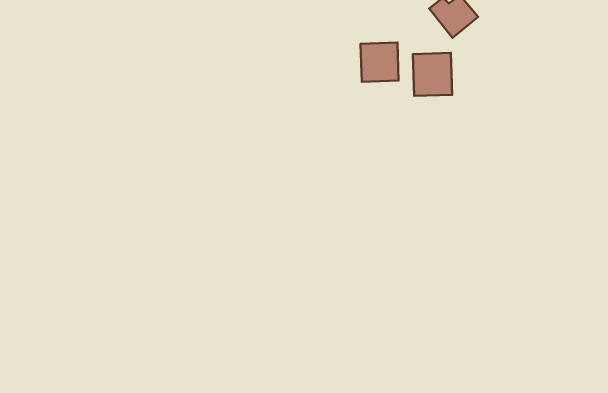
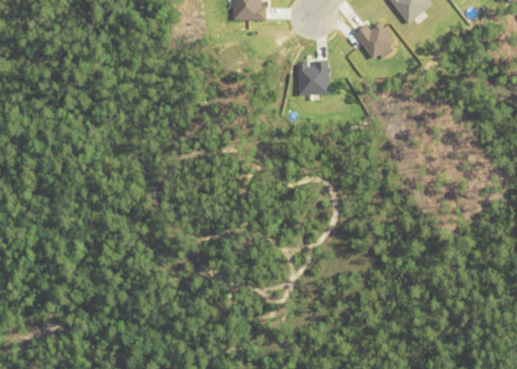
building: [413,53,452,96] -> none

